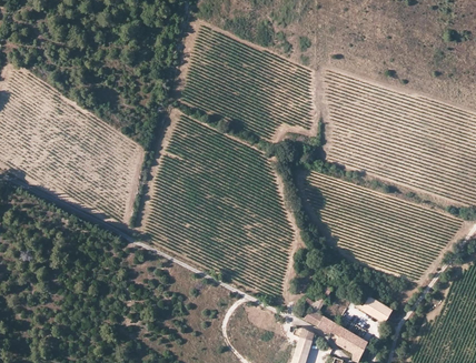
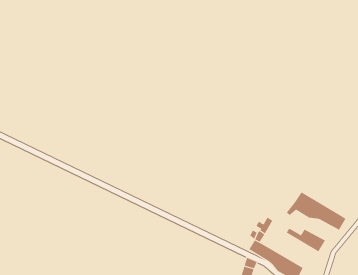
building: none -> [286,191,346,231]

